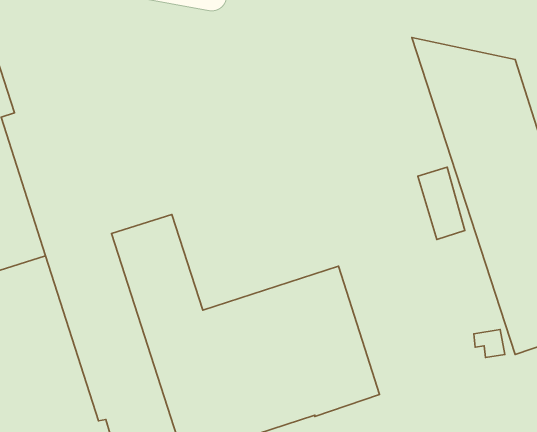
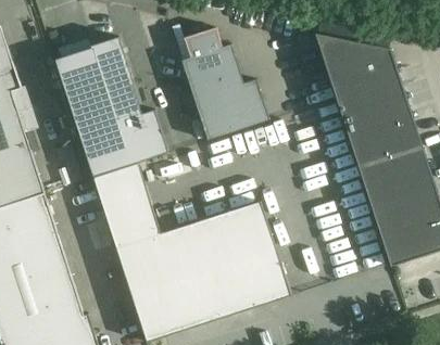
building: none -> [180,27,268,139]
building: none -> [54,37,167,176]

